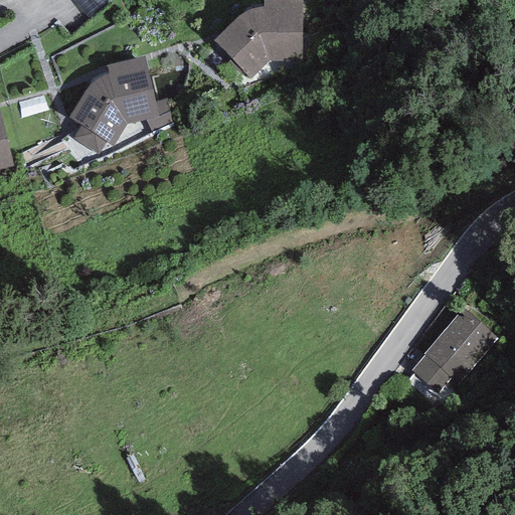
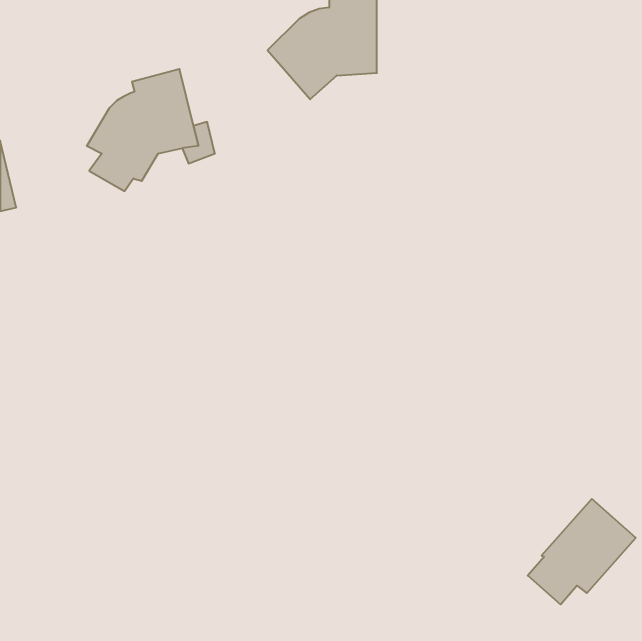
building: [411,308,498,392] -> [528,499,636,604]

